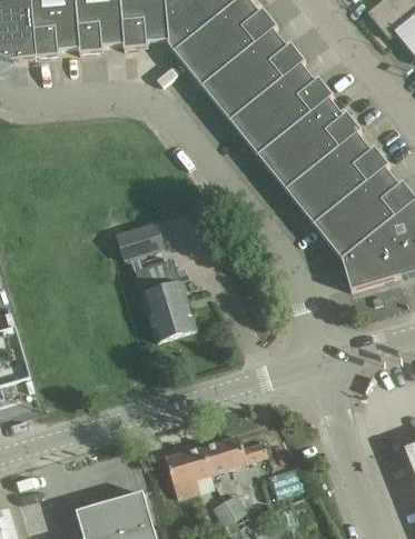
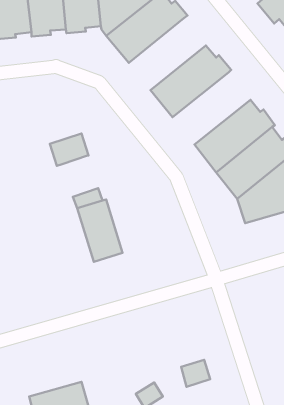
building: [204,30,306,121] -> none
building: [259,99,362,190] -> none
building: [117,218,166,259] -> [50,133,88,166]
building: [167,436,269,497] -> none

